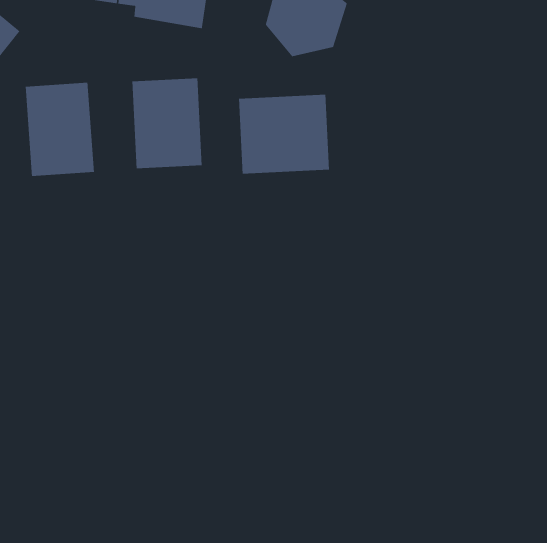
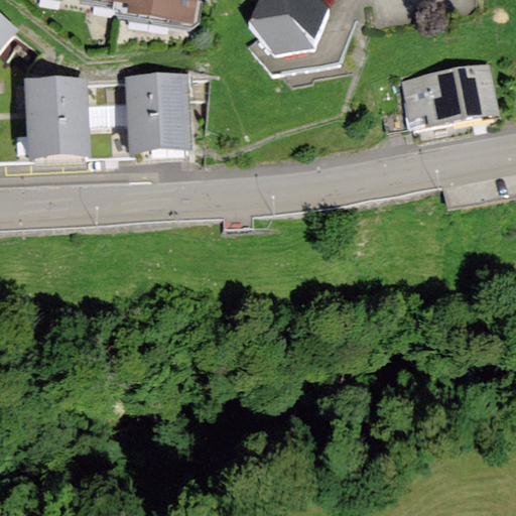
building: none -> [404,57,502,129]
building: [238,94,330,174] -> none

